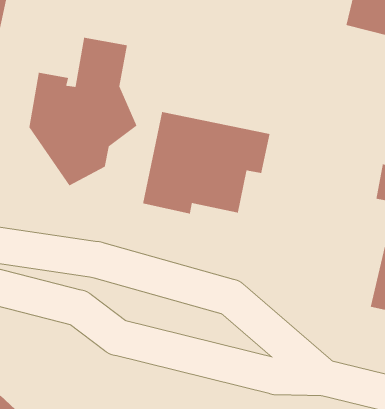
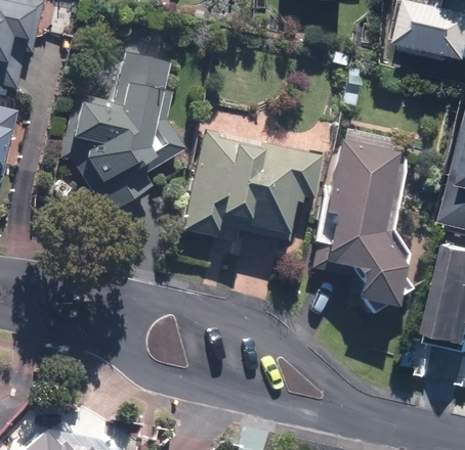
building: none -> [312,141,410,313]

